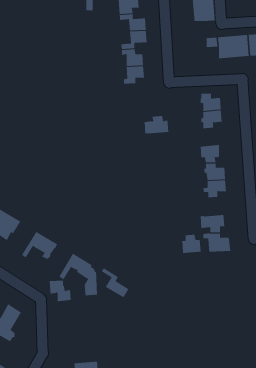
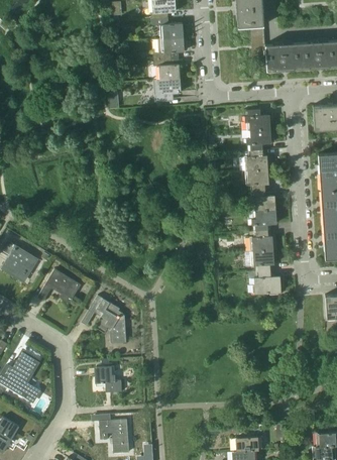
building: [144,116,169,134] -> [239,151,268,172]
building: [181,234,201,253] -> [250,231,273,253]
building: [101,268,129,298] -> none
building: [49,280,72,302] -> [97,369,123,394]

